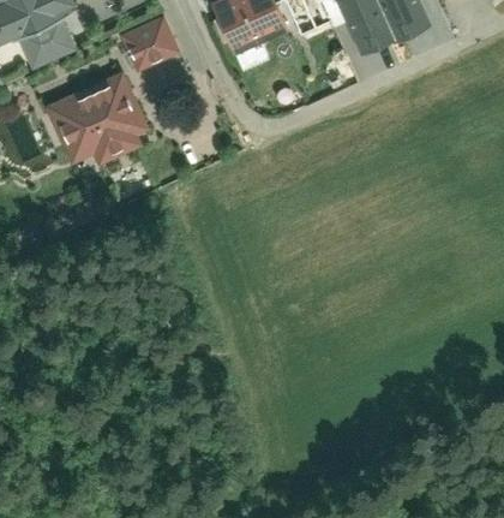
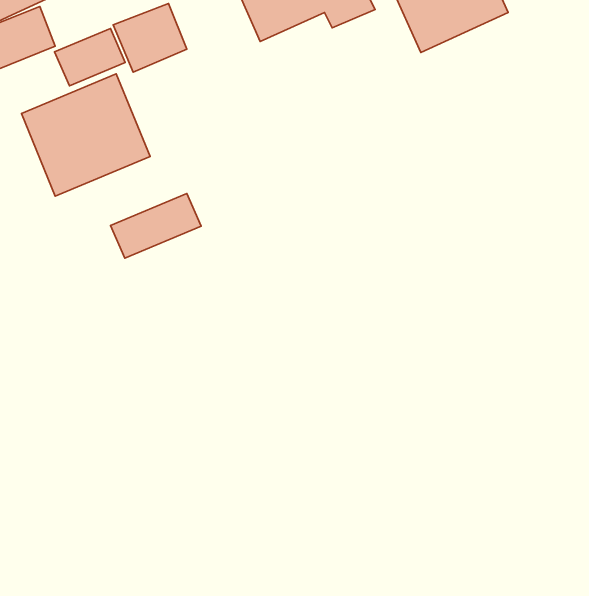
building: none -> [55,29,125,86]
building: none -> [110,193,201,258]

